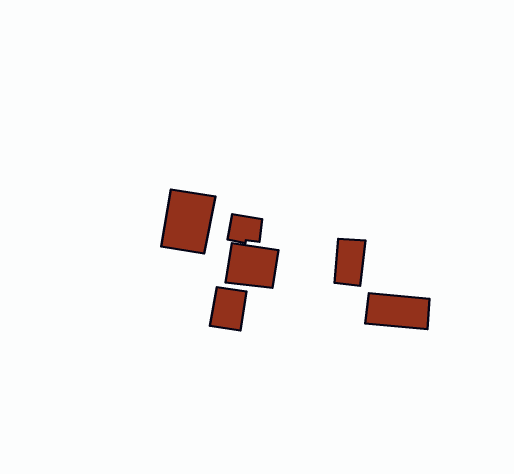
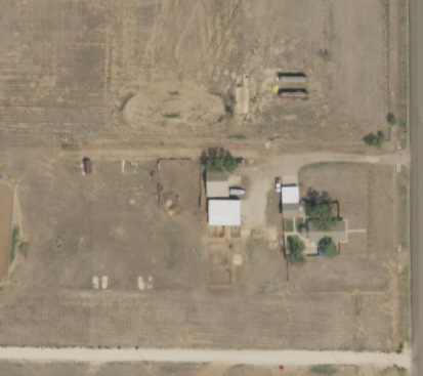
building: [161,189,216,254] -> none
building: [210,287,246,330] -> none

